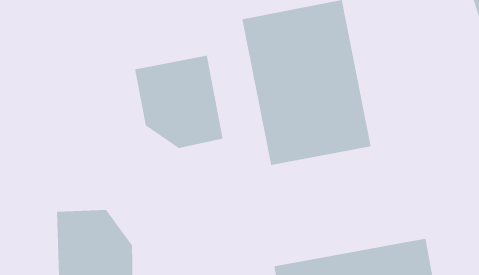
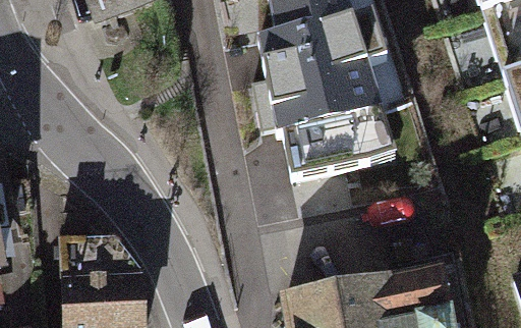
building: [135,55,223,149] -> none

